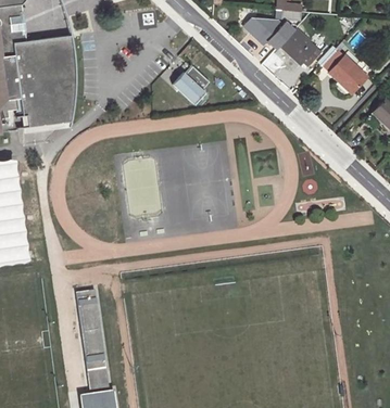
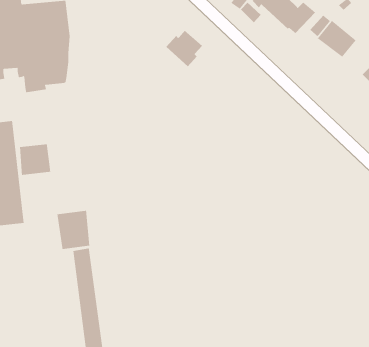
building: none -> [20,143,51,176]
building: none -> [57,210,90,250]

